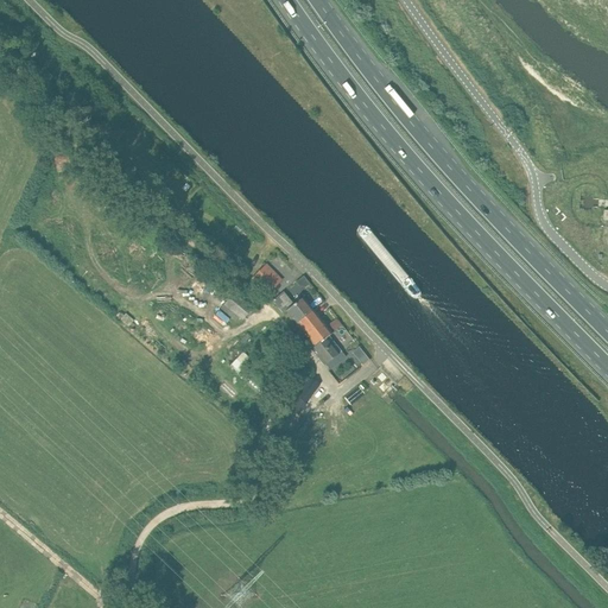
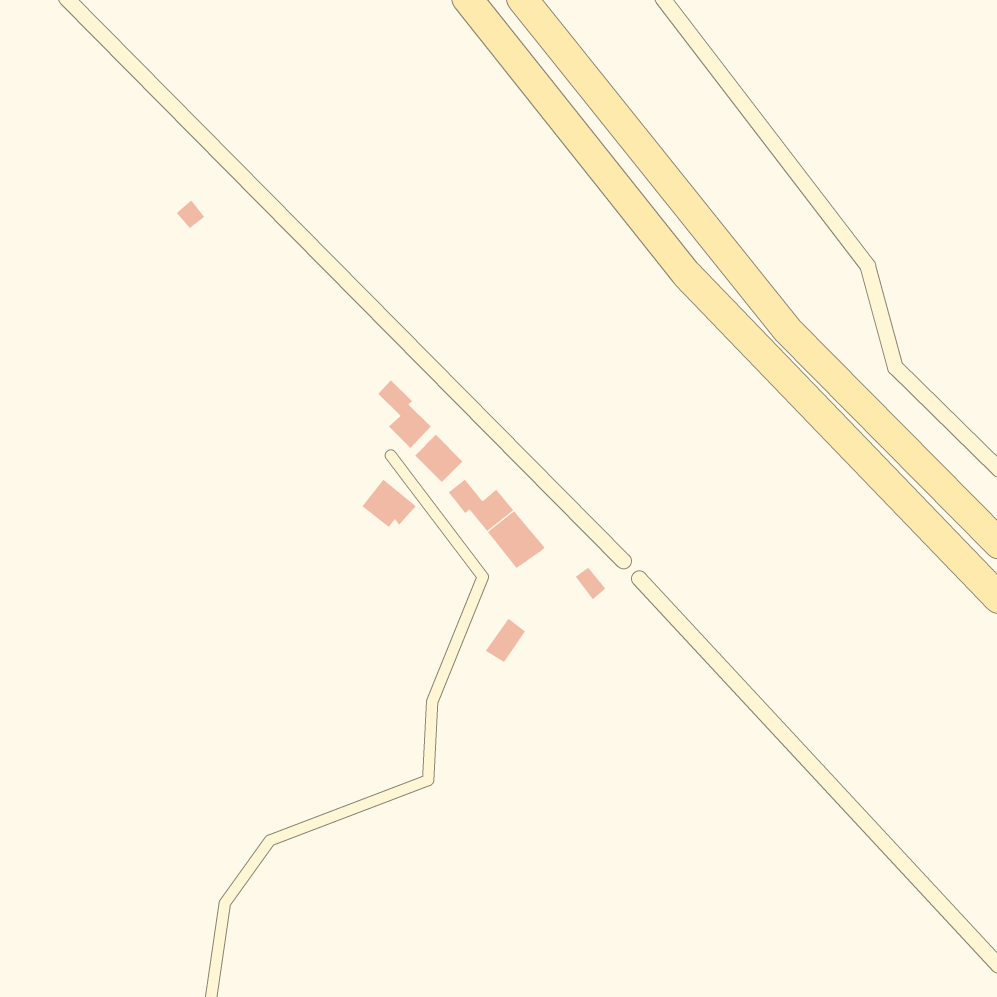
building: none -> [378,379,431,449]
building: [312,335,347,368] -> none

